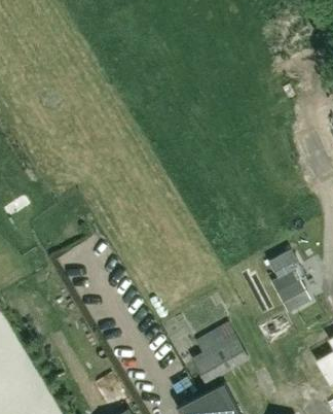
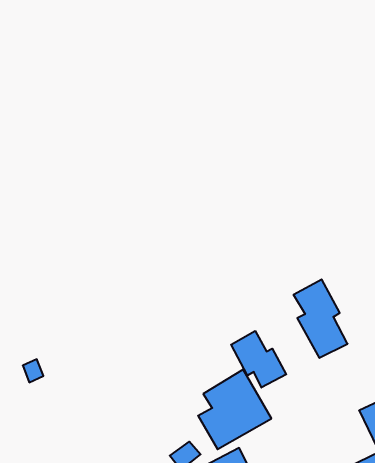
building: none -> [231,331,286,388]

